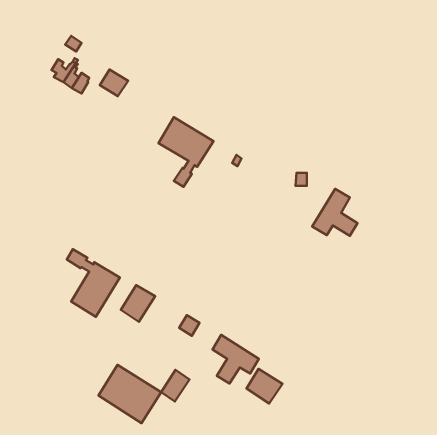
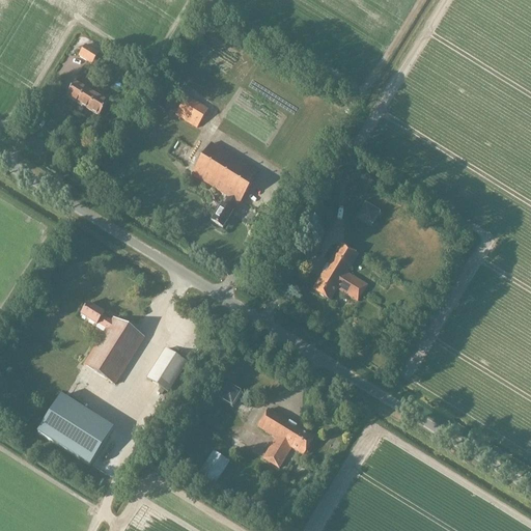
building: [100,70,128,96] -> [175,93,209,125]
building: [312,189,358,236] -> [312,242,367,299]
building: [99,365,161,423] -> [38,393,114,464]
building: [246,369,282,403] -> none

